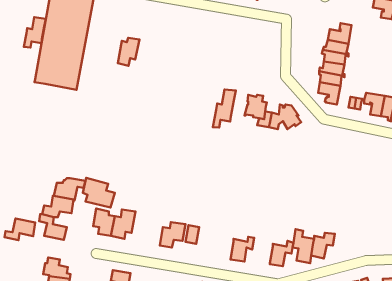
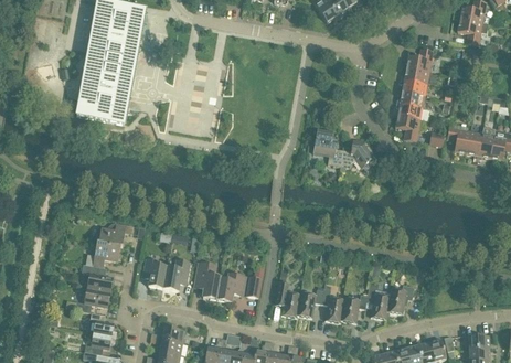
building: [24,17,46,47] -> none
building: [118,38,139,66] -> none
building: [213,89,236,127] -> none
building: [83,178,115,208] -> none
building: none -> [194,260,221,298]
building: [5,218,35,240] -> [75,287,109,311]
building: none -> [275,280,300,316]
building: none -> [321,287,344,321]

